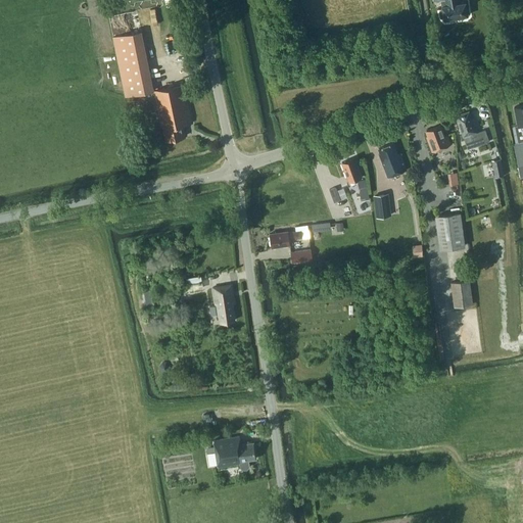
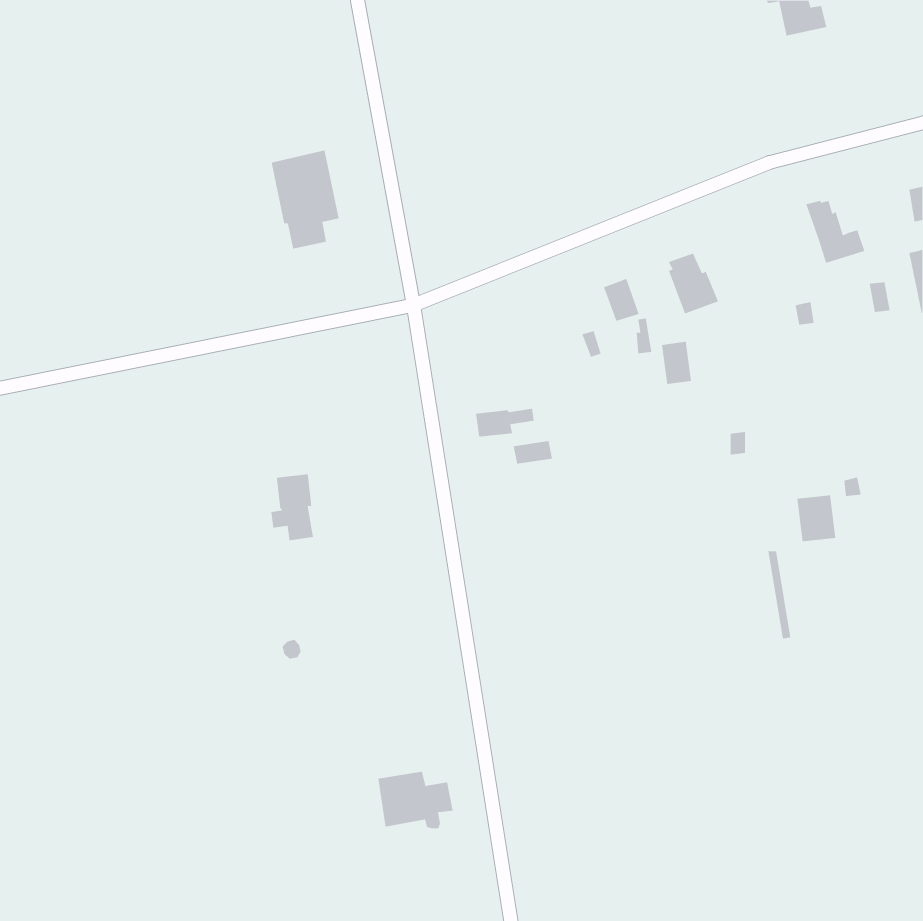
building: [112,32,152,98] -> none
building: [426,127,449,153] -> none
building: [435,213,465,251] -> none
building: [209,286,234,324] -> [271,474,314,541]

